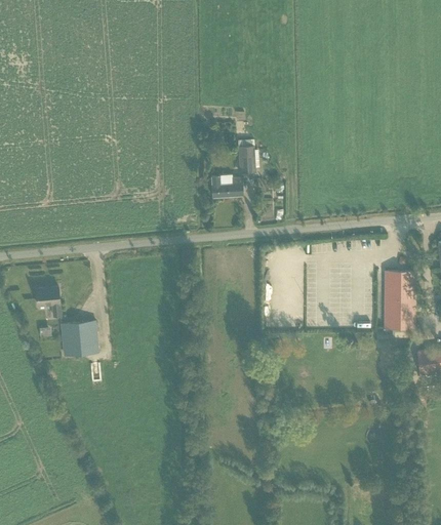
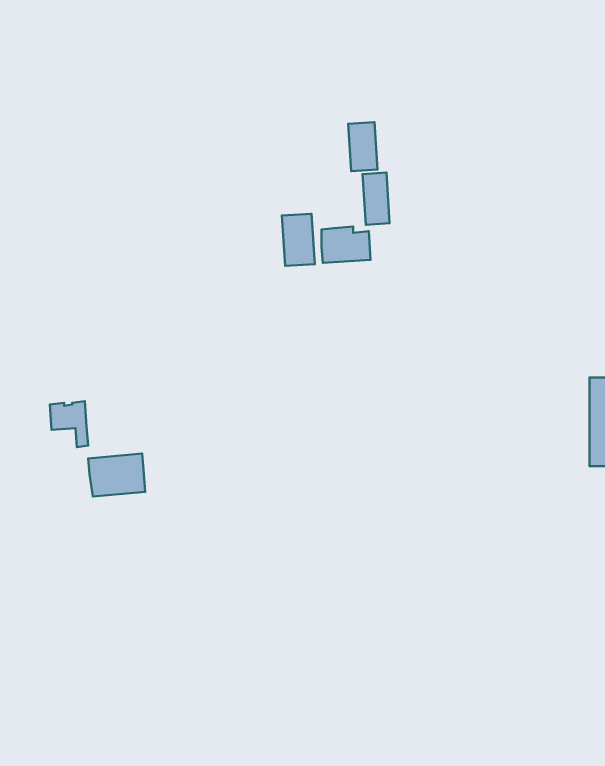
building: none -> [348,122,378,171]
building: none -> [282,214,315,266]

